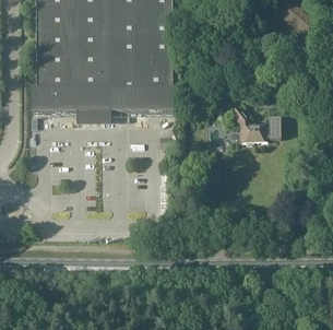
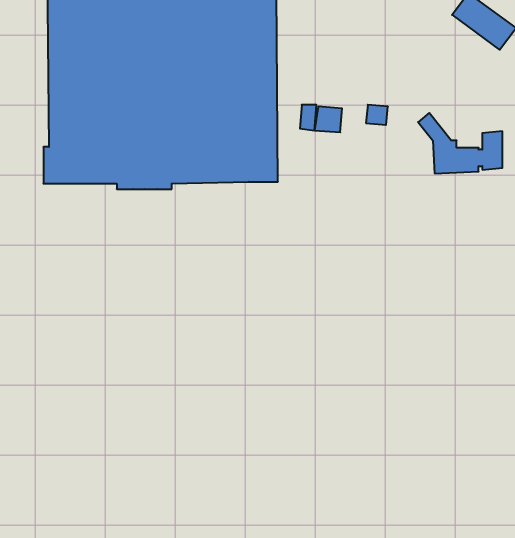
building: [230,105,281,141] -> [418,113,502,173]

